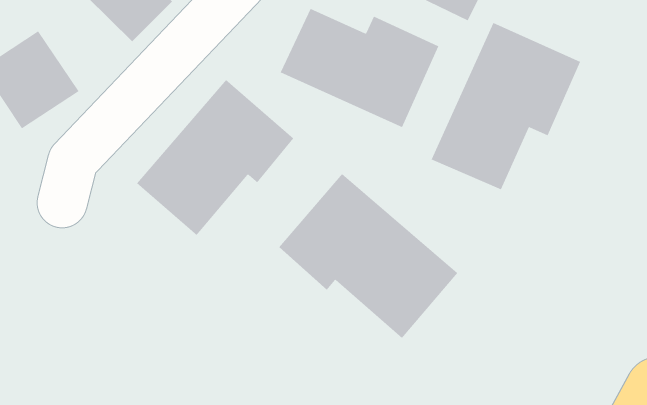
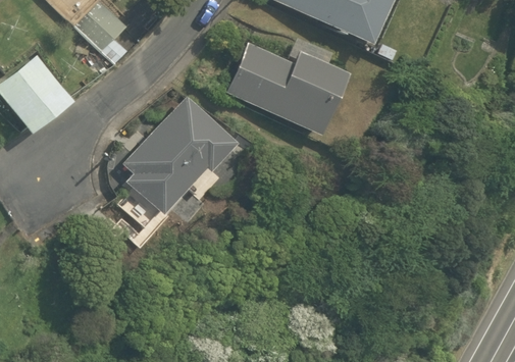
building: [431,22,581,190] -> none
building: [279,173,458,339] -> none

